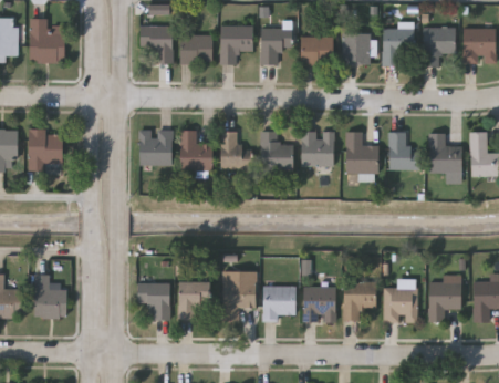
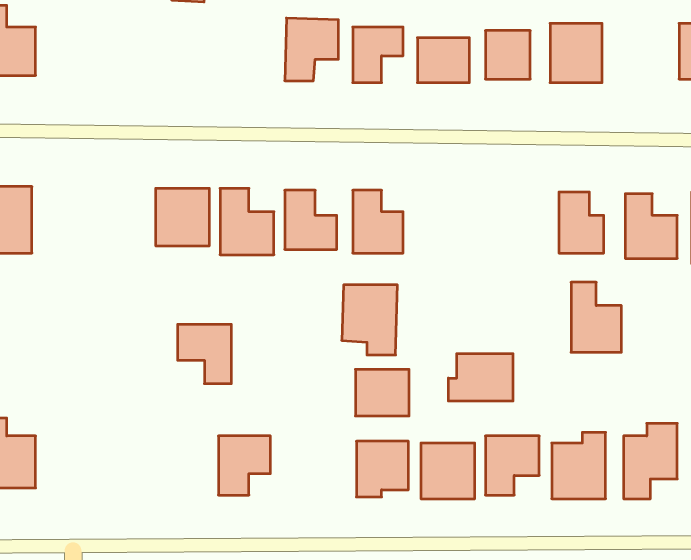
building: [139,27,173,64] -> none
building: [423,29,455,65] -> none
building: [179,35,212,64] -> none
building: [300,132,334,175] -> [342,285,397,355]
building: [346,132,377,175] -> [571,282,621,352]
building: none -> [448,354,513,401]
building: [222,281,256,310] -> [355,369,409,416]
building: [137,283,170,320] -> [178,324,231,384]

